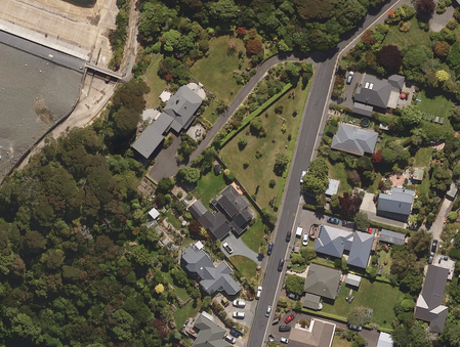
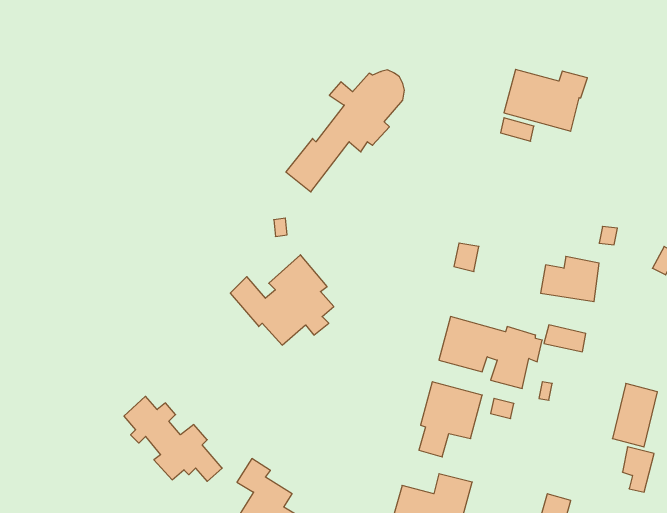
building: [132,82,205,157] -> [286,70,404,192]
building: [331,122,378,155] -> none
building: [179,245,240,297] -> [124,396,222,481]

